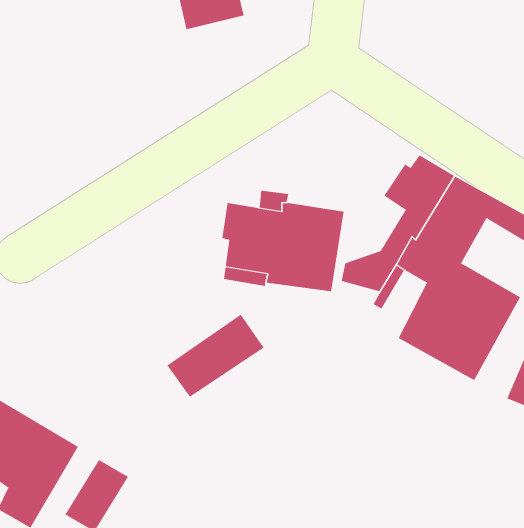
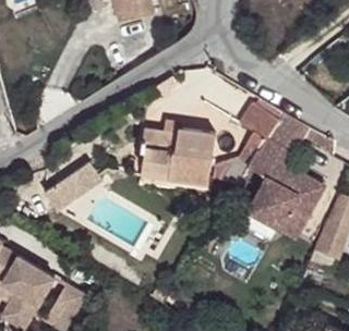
building: [166,314,264,398] -> [44,161,104,212]

